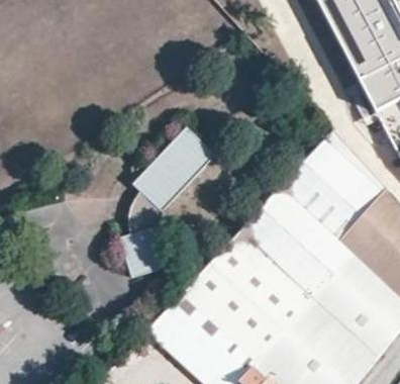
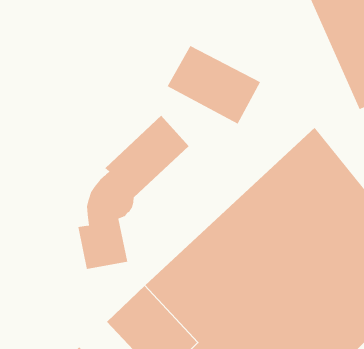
building: none -> [167,45,261,124]

